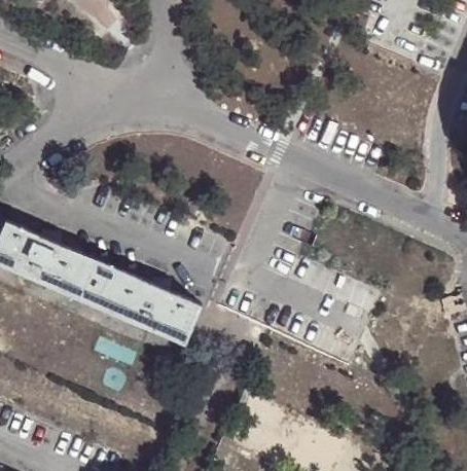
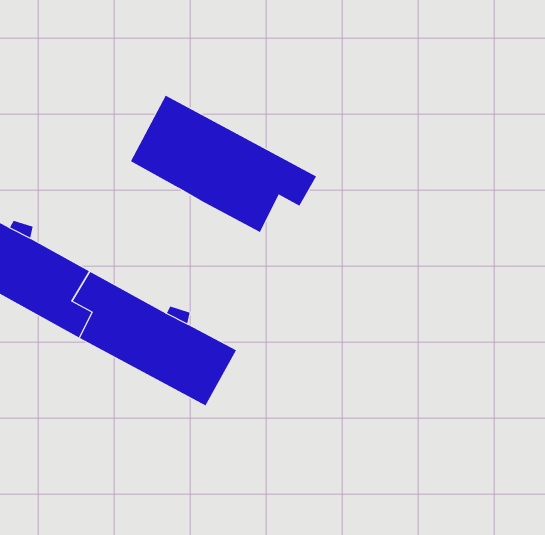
building: none -> [130,95,317,233]

